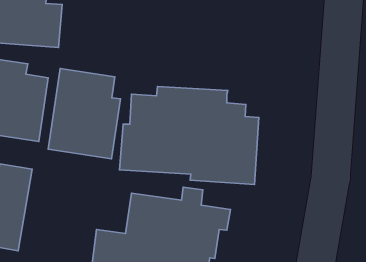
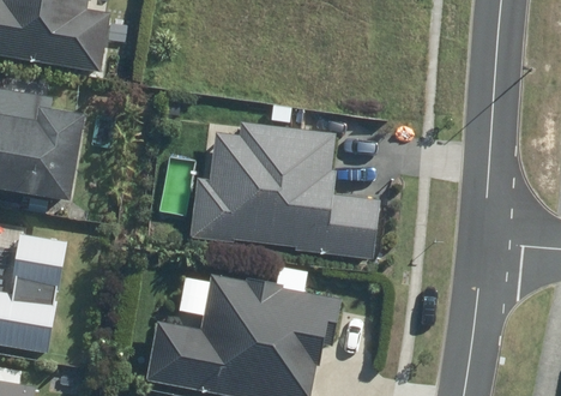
building: [48,68,121,159] -> none

